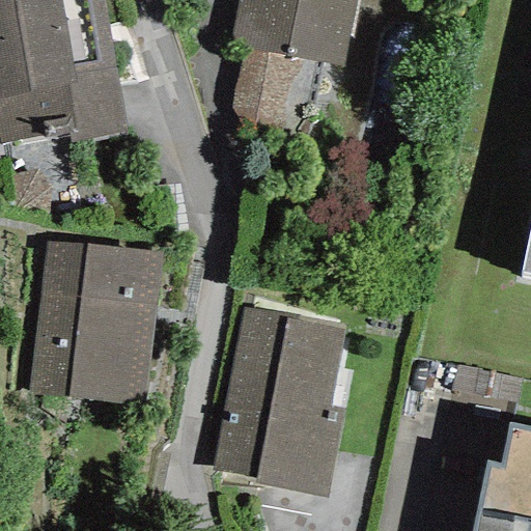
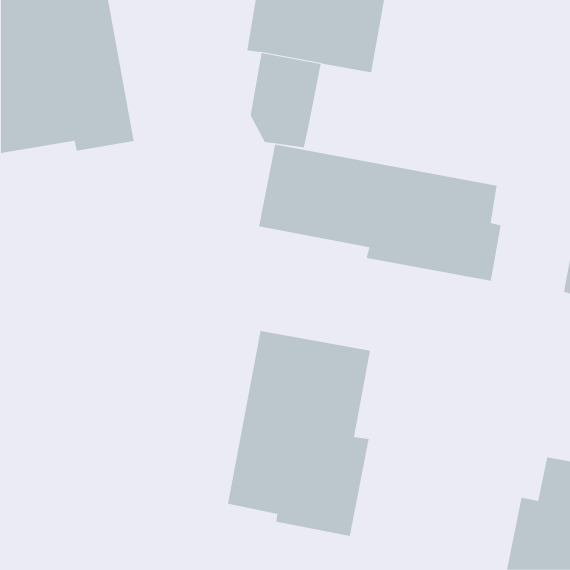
building: none -> [259,144,501,281]
building: [28,237,163,404] -> none

